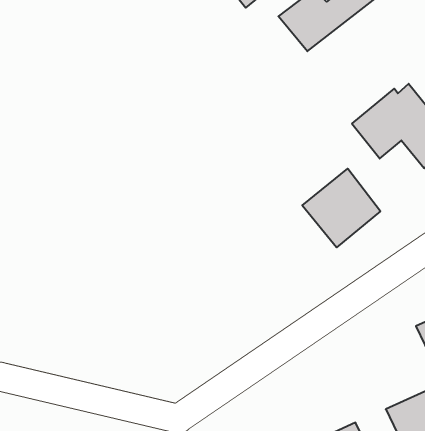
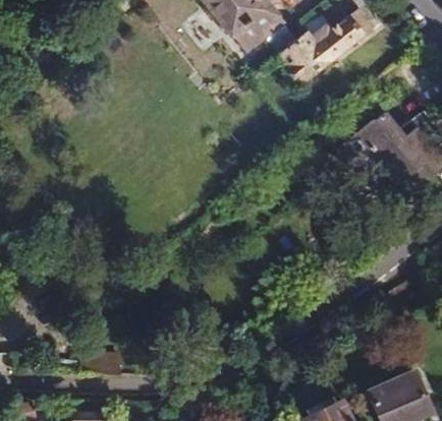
building: [302,169,380,247] -> none

